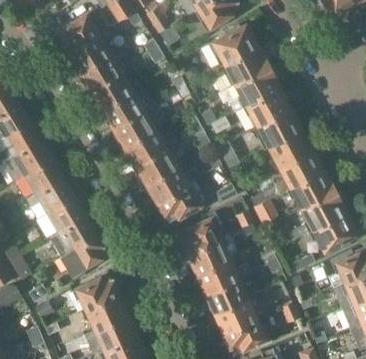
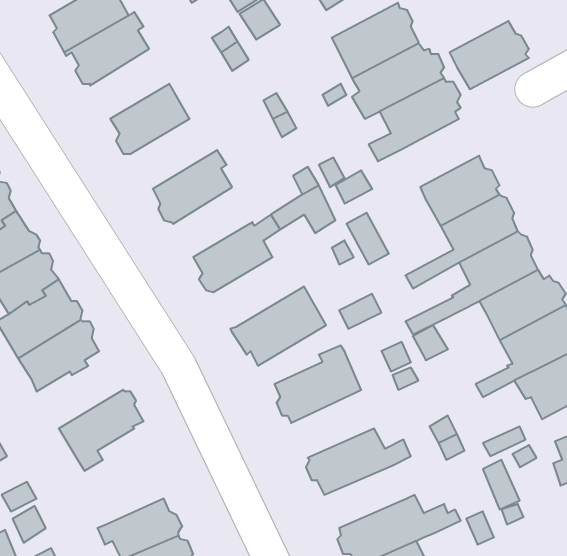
building: [77,49,120,88] -> none
building: [99,88,146,126] -> none
building: [246,88,289,125] -> [450,21,529,89]
building: [122,125,165,163] -> none
building: [144,163,199,202] -> none
building: [48,215,95,257] -> none
building: [187,234,239,273] -> none
building: [72,275,117,309] -> none
building: [205,277,250,311] -> none

